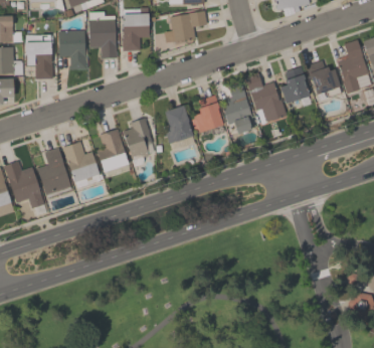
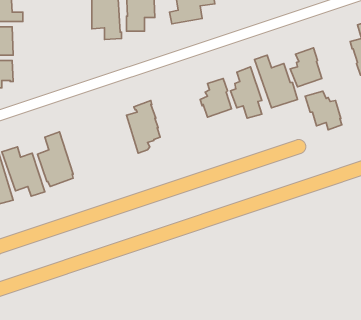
building: [58,30,87,69] -> none
building: [25,34,52,78] -> none
building: [306,60,341,98] -> [305,91,342,130]
building: [164,106,193,150] -> none
building: [96,128,130,178] -> none
building: [63,142,102,188] -> none

